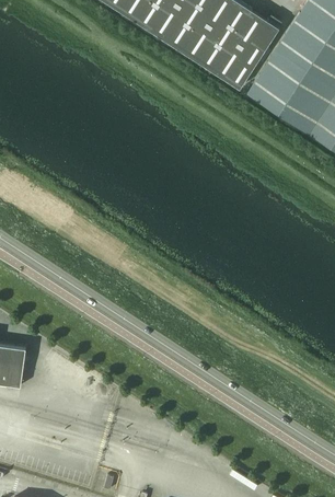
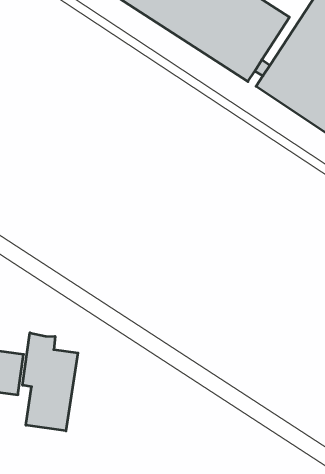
building: none -> [23,333,78,431]

